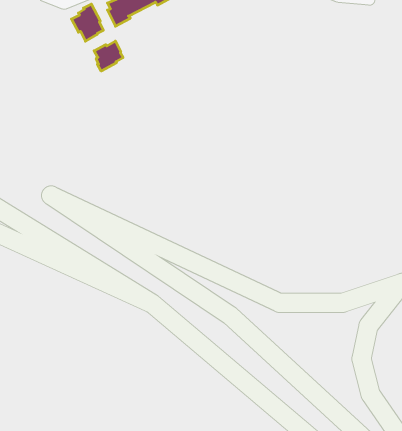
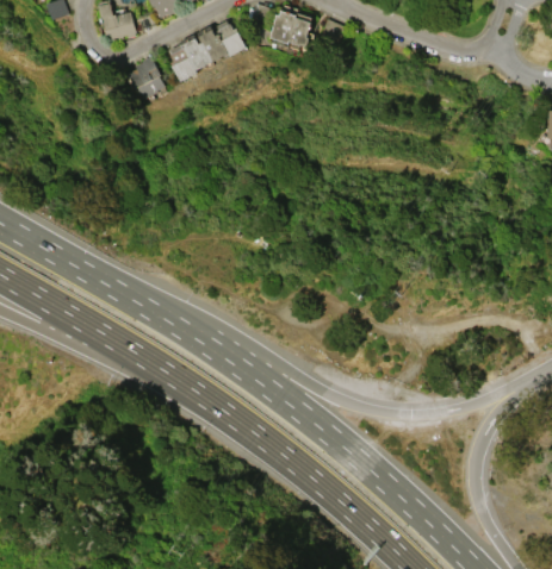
building: [94,41,123,71] -> none

